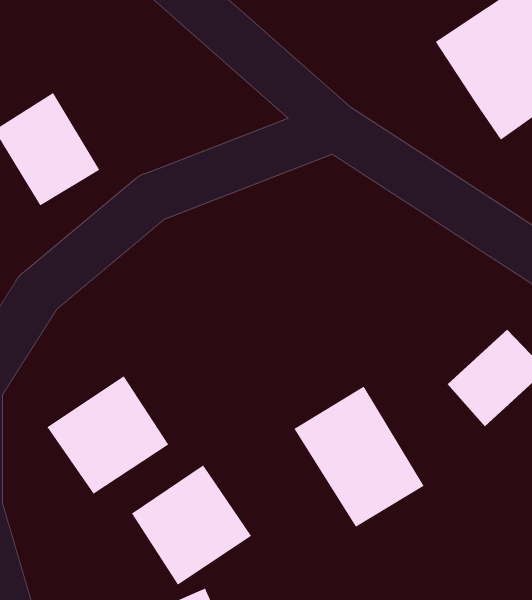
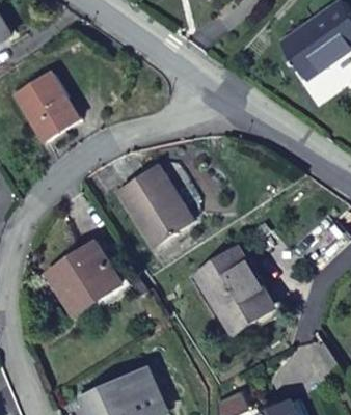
building: none -> [122,165,194,243]
building: [131,465,252,586] -> none

